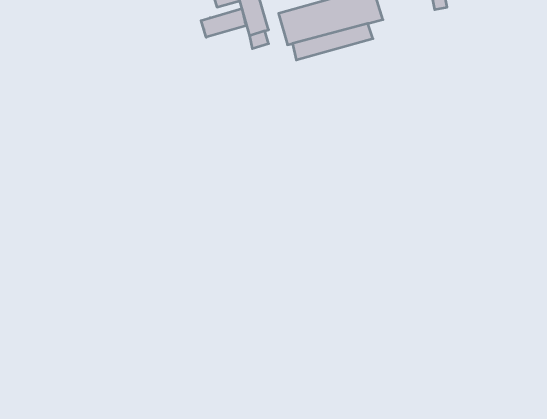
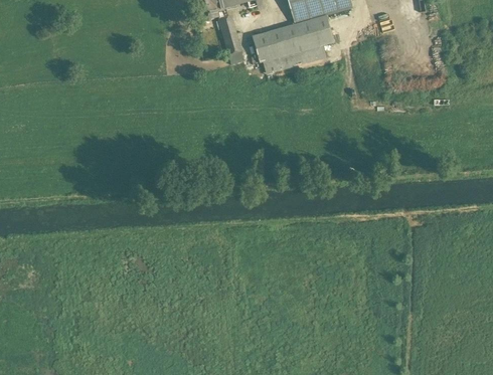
building: [201,9,246,37] -> none

